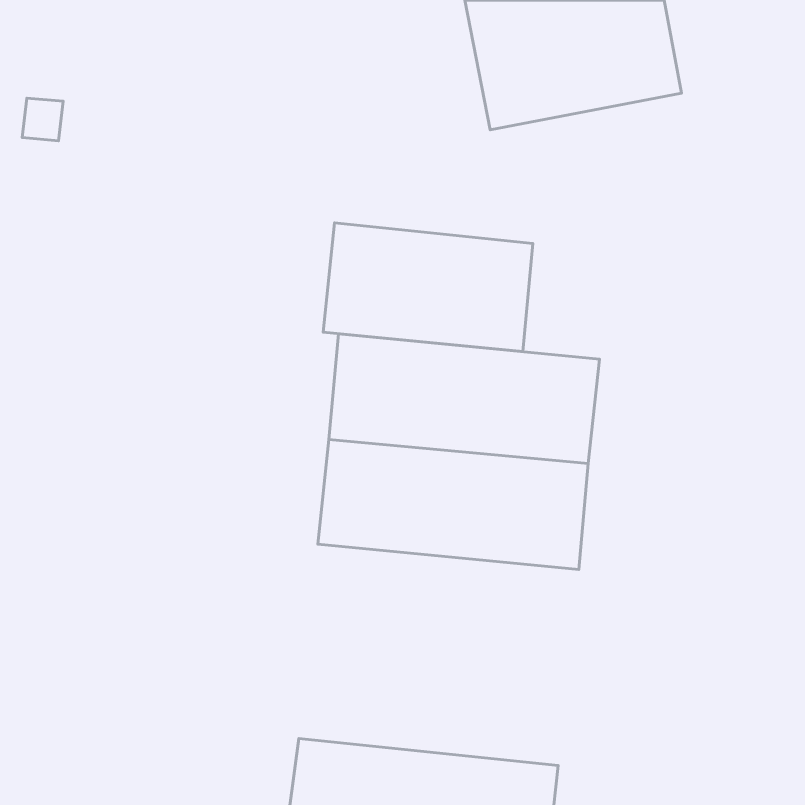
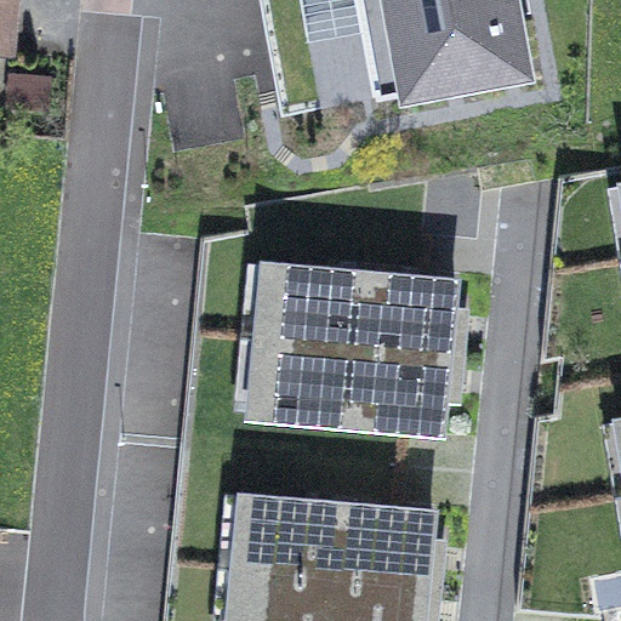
building: [323,223,533,352] -> none
building: none -> [229,489,437,589]

